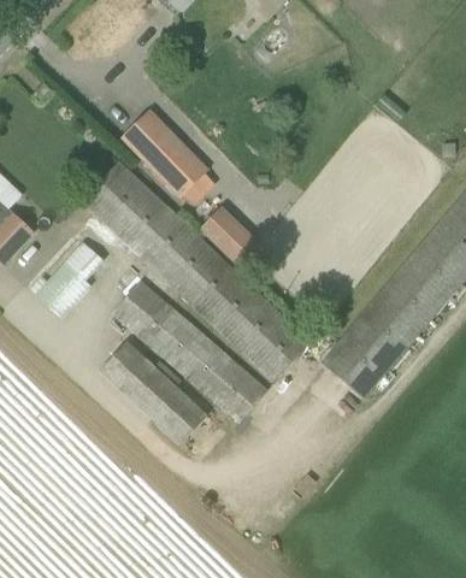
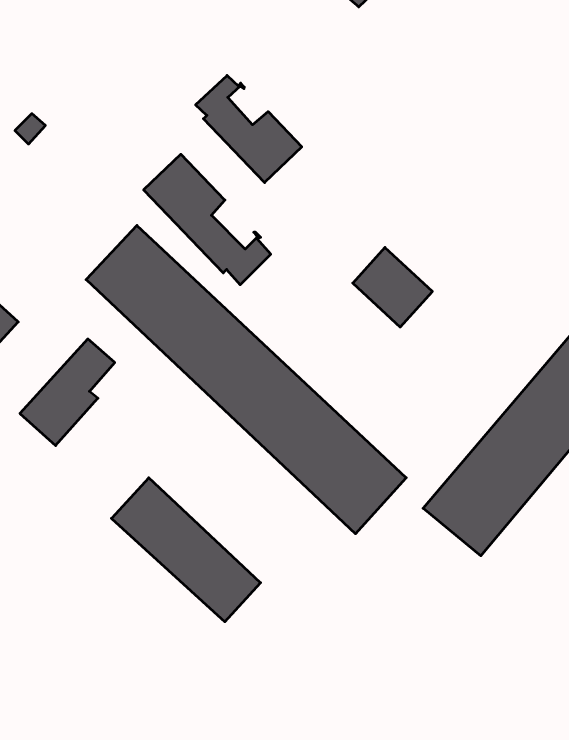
building: none -> [196,75,302,183]
building: [194,201,250,258] -> [353,247,432,327]
building: [112,281,267,421] -> none

